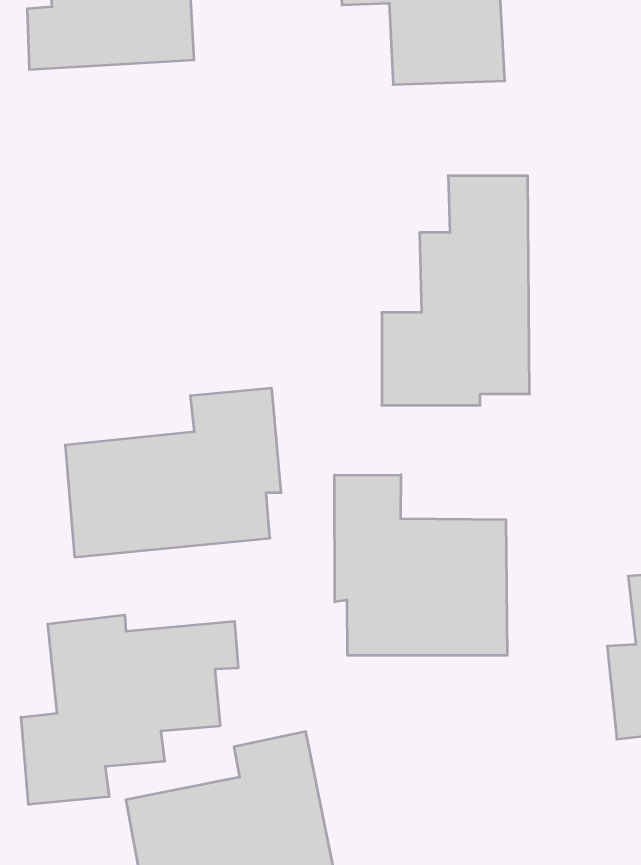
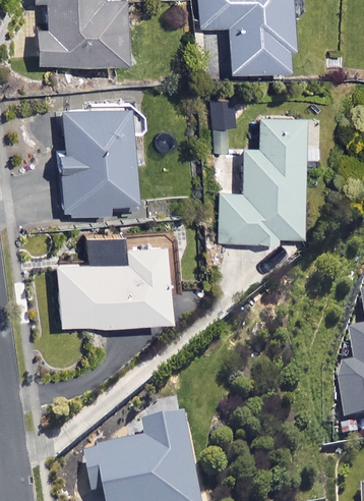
building: none -> [59,105,137,215]
building: [334,475,507,655] -> none
building: [21,615,238,805] -> none

